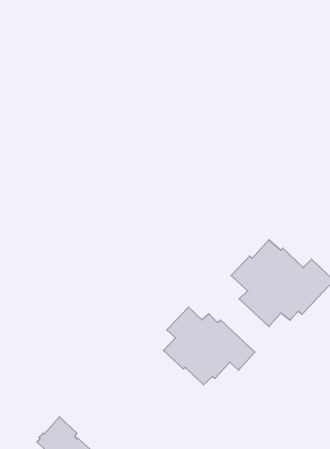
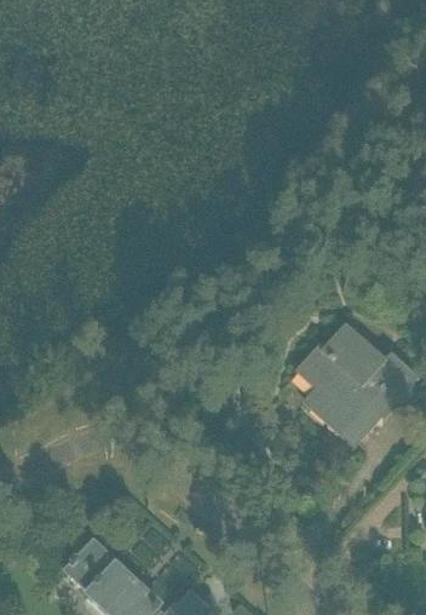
building: [163,307,255,385] -> none

